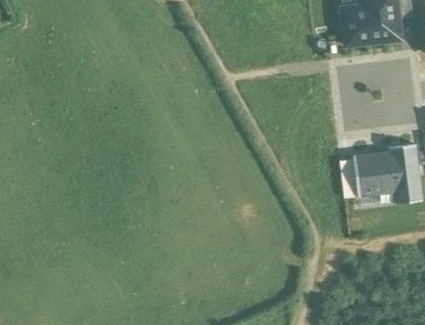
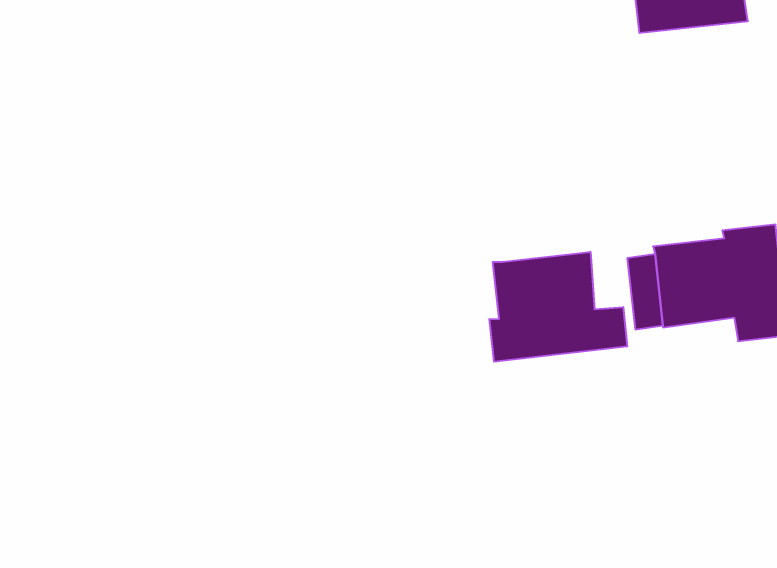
building: none -> [489,252,627,362]

